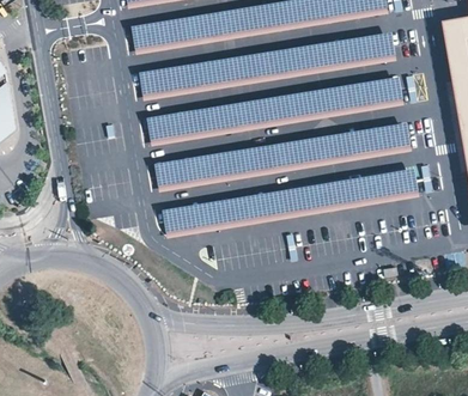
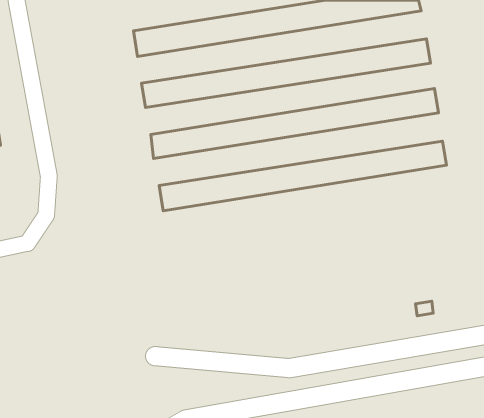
building: [163,170,419,234] -> none

